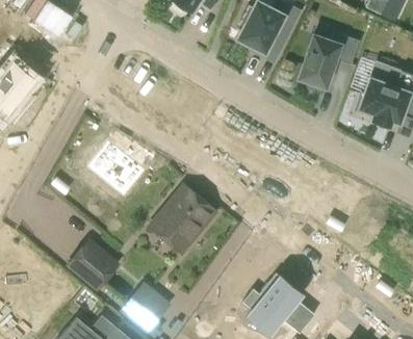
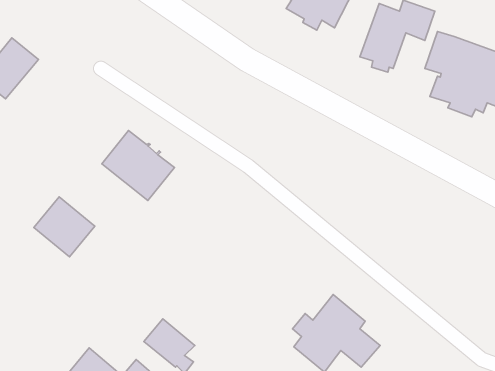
building: [150,185,216,253] -> none
building: [69,240,119,289] -> [34,197,95,257]

